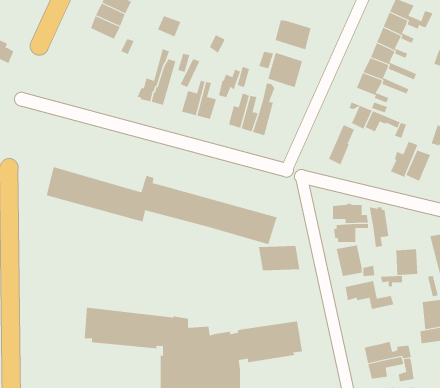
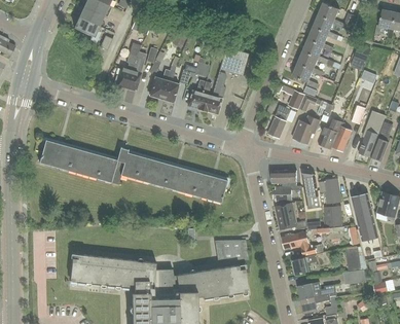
building: [275,19,311,50] -> none
building: none -> [292,115,320,143]
building: none -> [319,178,341,204]
building: [258,246,300,271] -> [214,240,248,260]
building: none -> [292,251,334,274]

